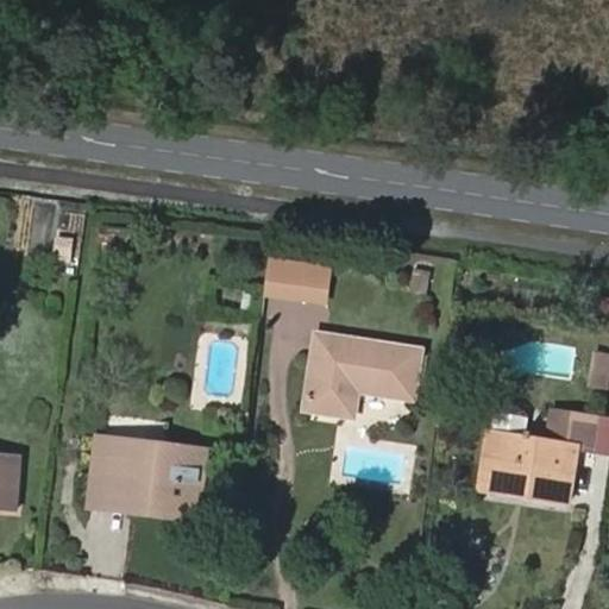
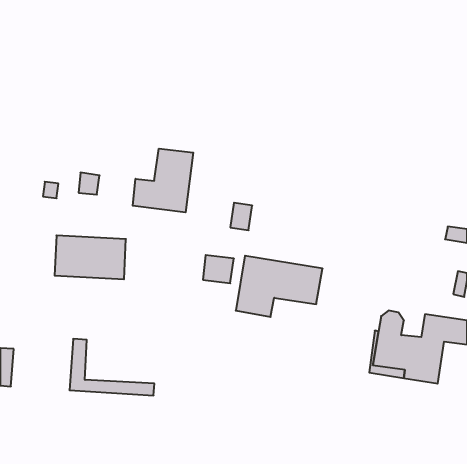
building: none -> [133,149,193,212]
building: [264,259,304,296] -> [203,255,234,283]
building: [111,442,203,500] -> [55,235,126,279]

